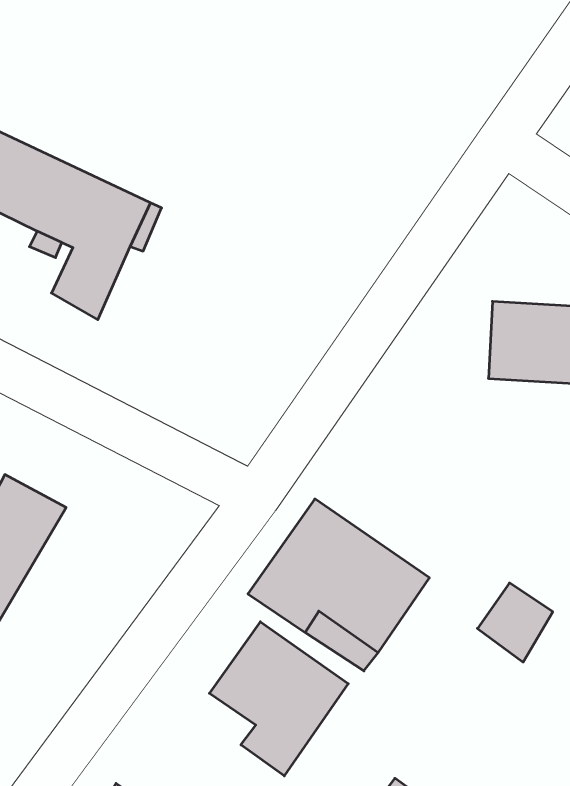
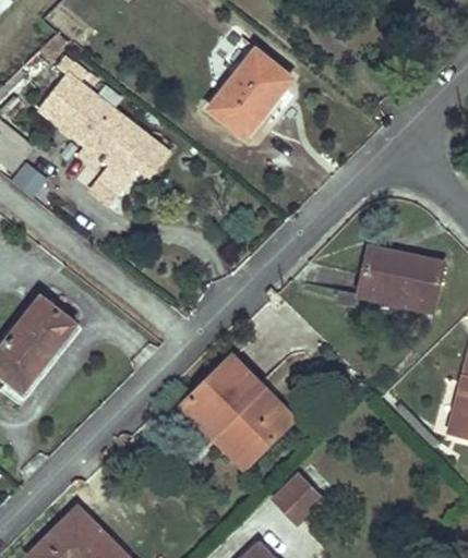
building: none -> [205,56,290,148]
building: [477,583,553,662] -> [274,471,323,522]
building: [209,622,348,776] -> none

